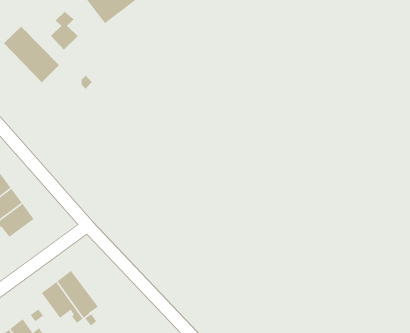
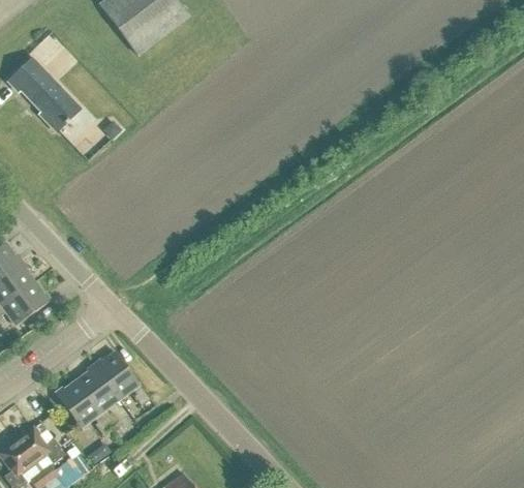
building: [50,11,79,50] -> none
building: none -> [94,350,149,404]

